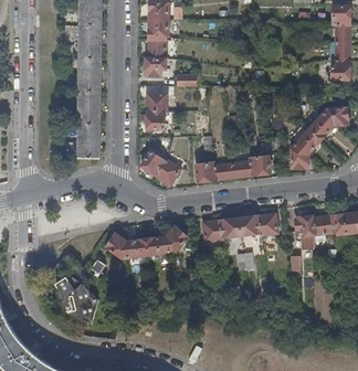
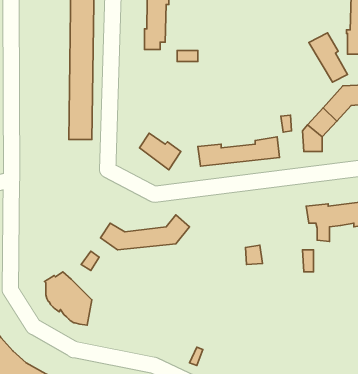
building: none -> [309,33,348,82]
building: [147,93,166,128] -> none
building: [202,214,276,242] -> none

